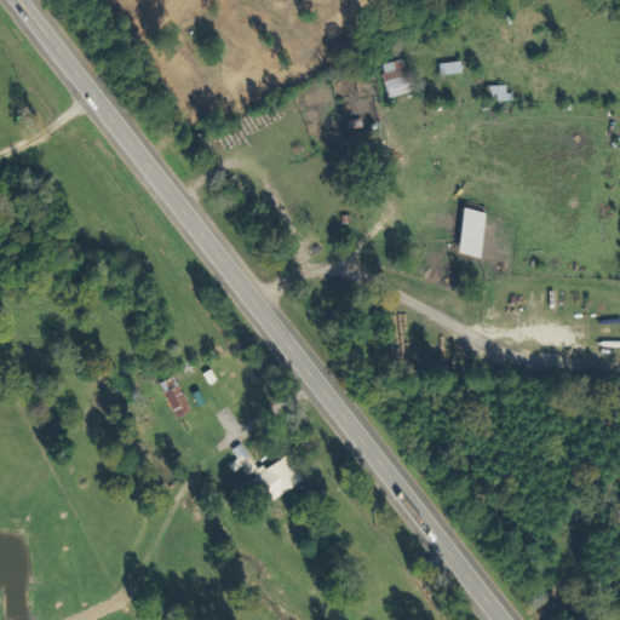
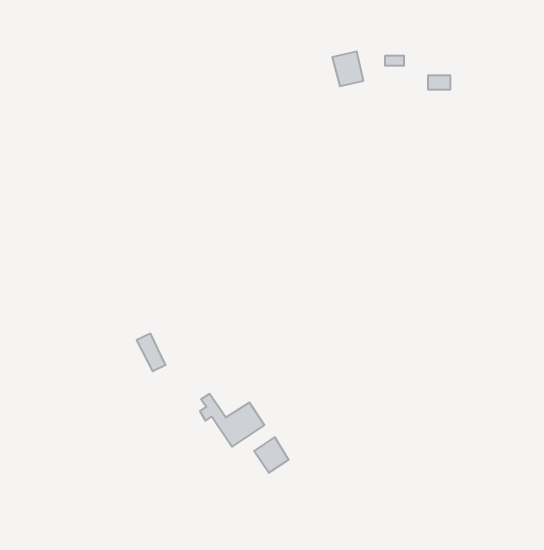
building: [457,207,484,256] -> none
building: none -> [254,437,289,473]

